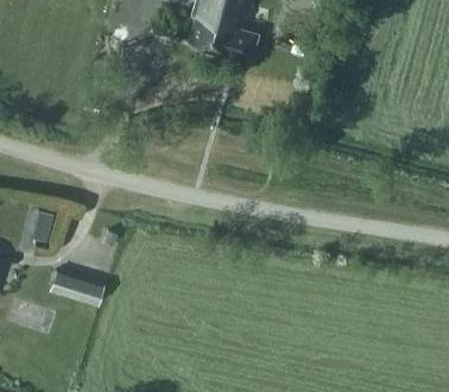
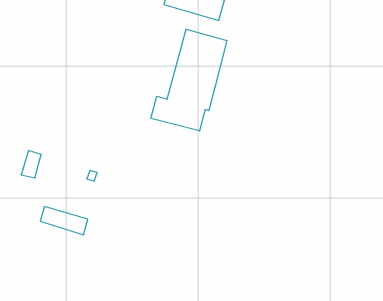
building: none -> [151,29,227,131]

